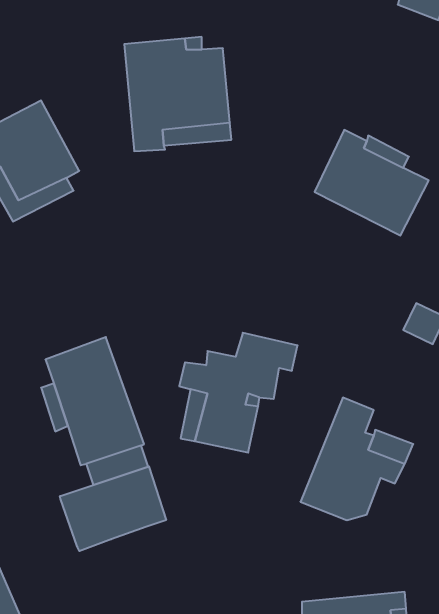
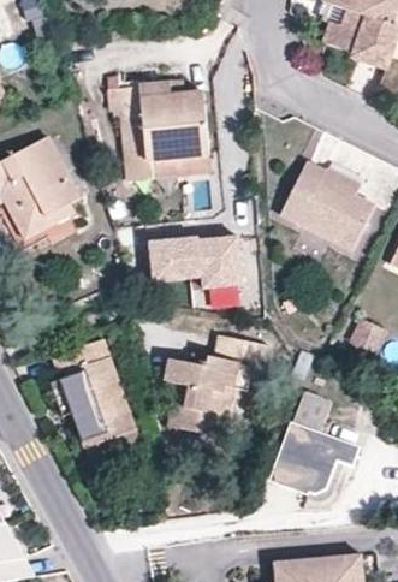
building: none -> [147,234,242,290]
building: [60,466,166,551] -> none

